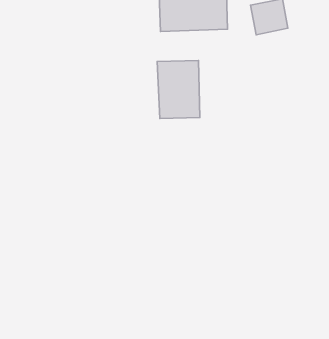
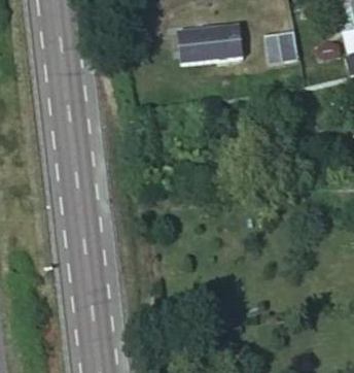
building: [157,60,200,119] -> none

